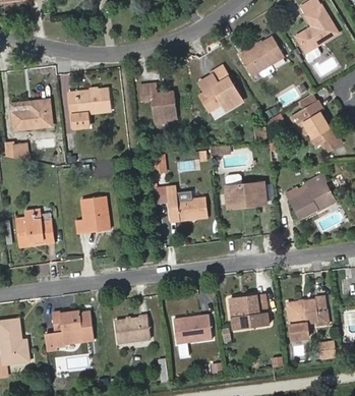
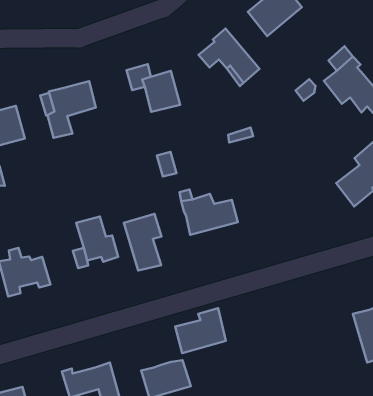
building: [224,174,264,207] -> none
building: none -> [124,214,161,271]
building: [229,293,269,328] -> none
building: [173,314,211,344] -> [175,308,226,353]

